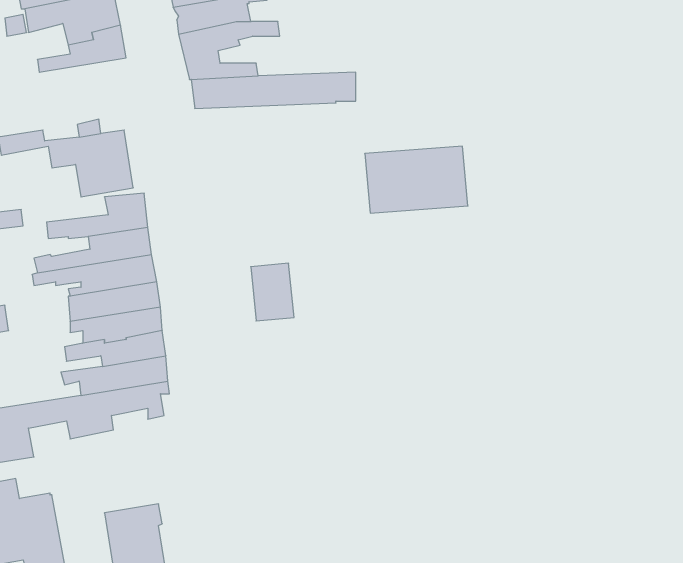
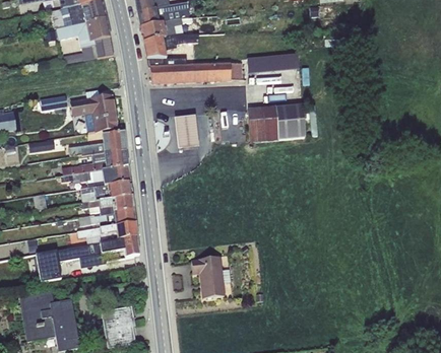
building: none -> [247,54,299,73]
building: [251,263,294,321] -> [174,118,198,150]
building: none -> [191,258,230,297]

